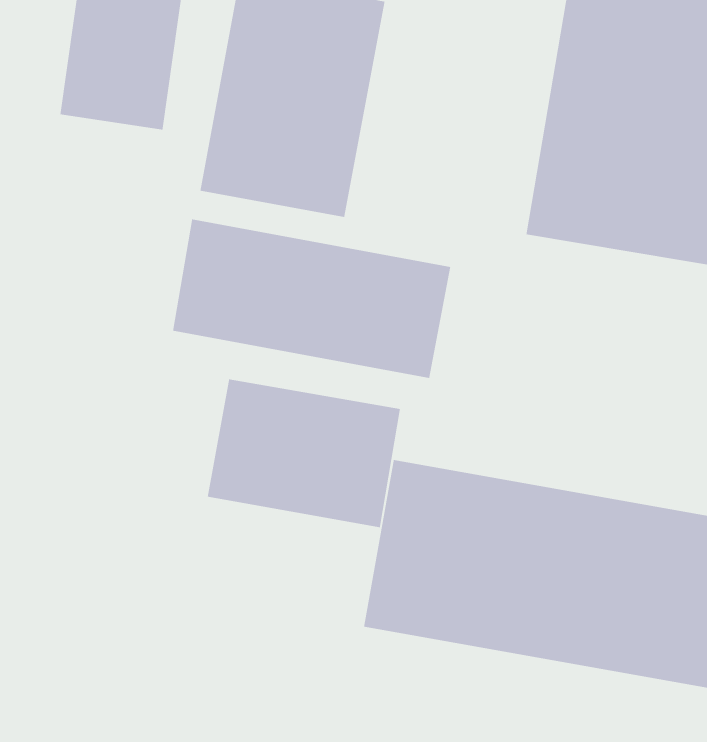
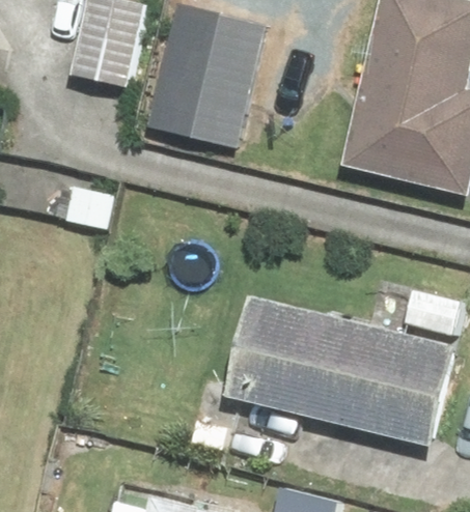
building: [172,219,451,379] -> none
building: [207,378,401,528] -> none

